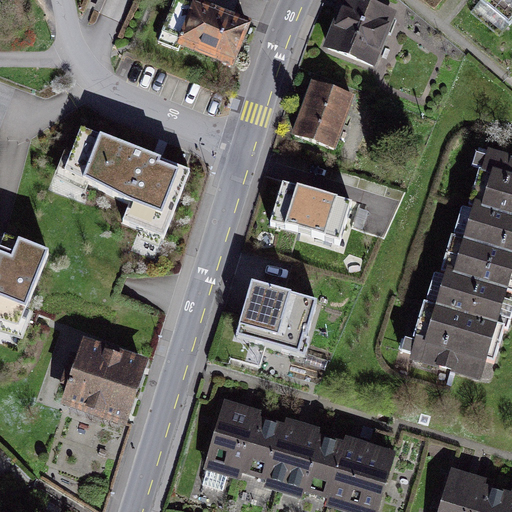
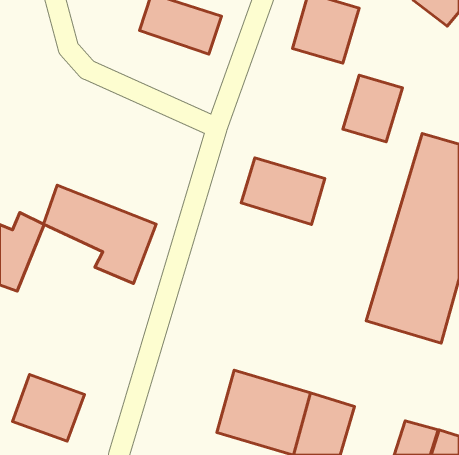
building: [292,75,358,149] -> [343,75,402,142]
building: [65,124,190,233] -> [44,185,156,284]
building: [235,280,317,355] -> none
building: [66,340,146,414] -> [12,375,84,441]
building: [202,400,260,480] -> none

